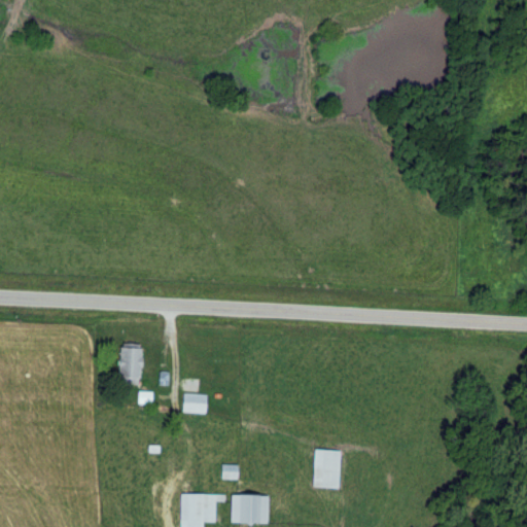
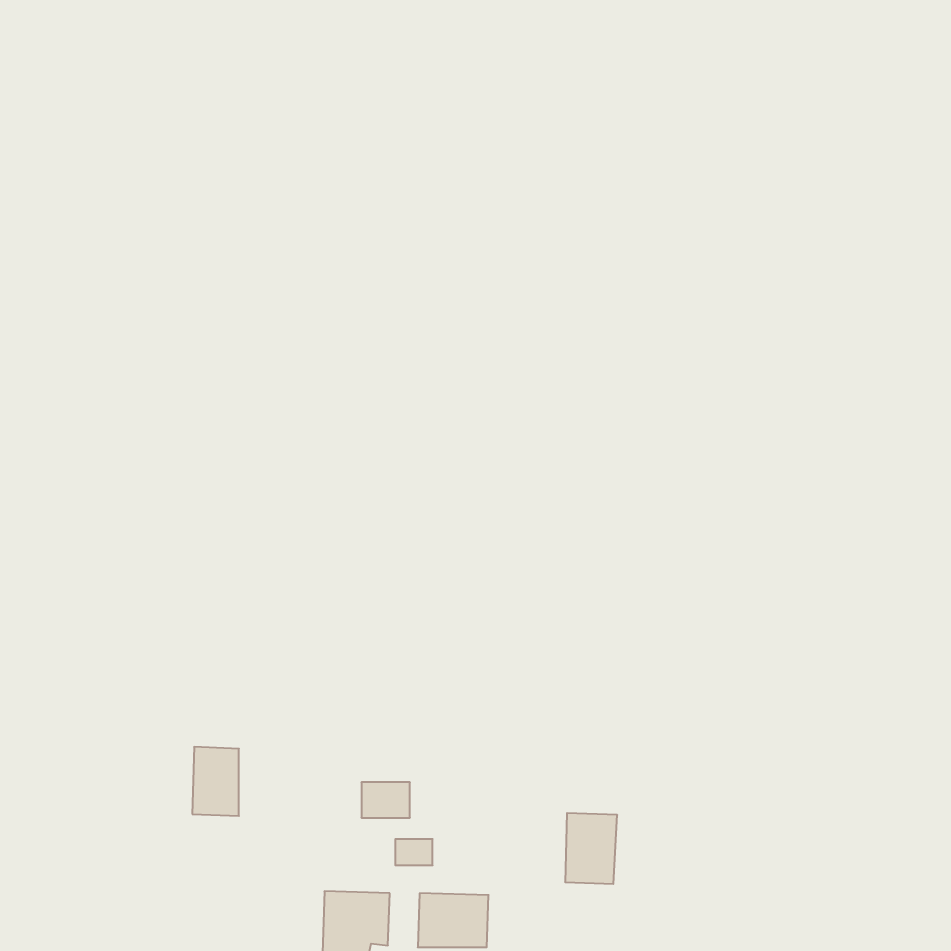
building: [119,344,145,382] -> [192,747,239,816]
building: [181,394,208,414] -> [361,782,410,818]

